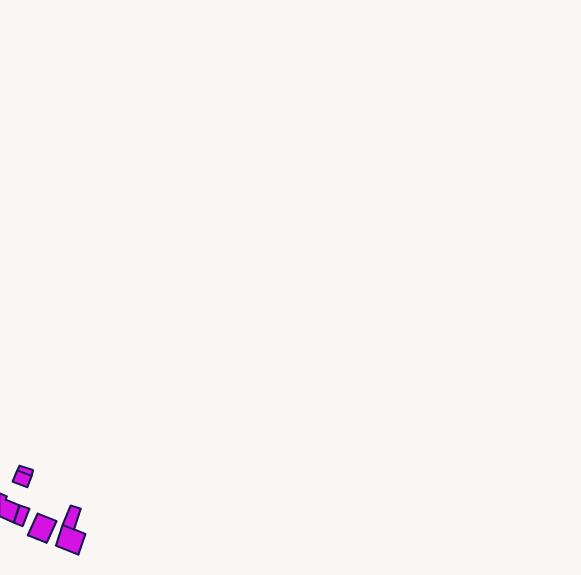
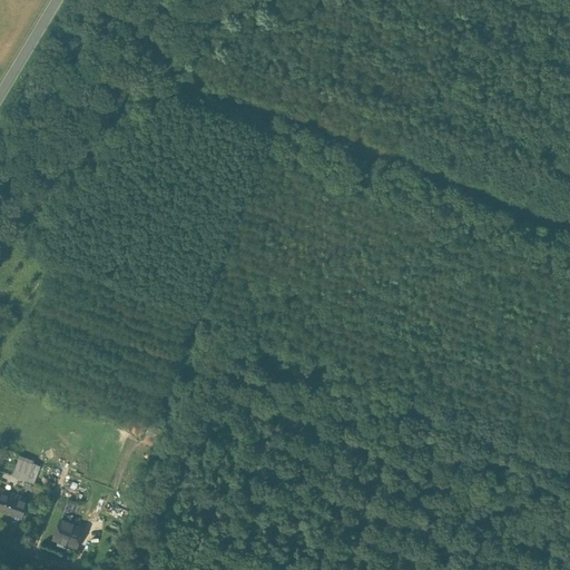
building: [28,513,56,543] -> none

